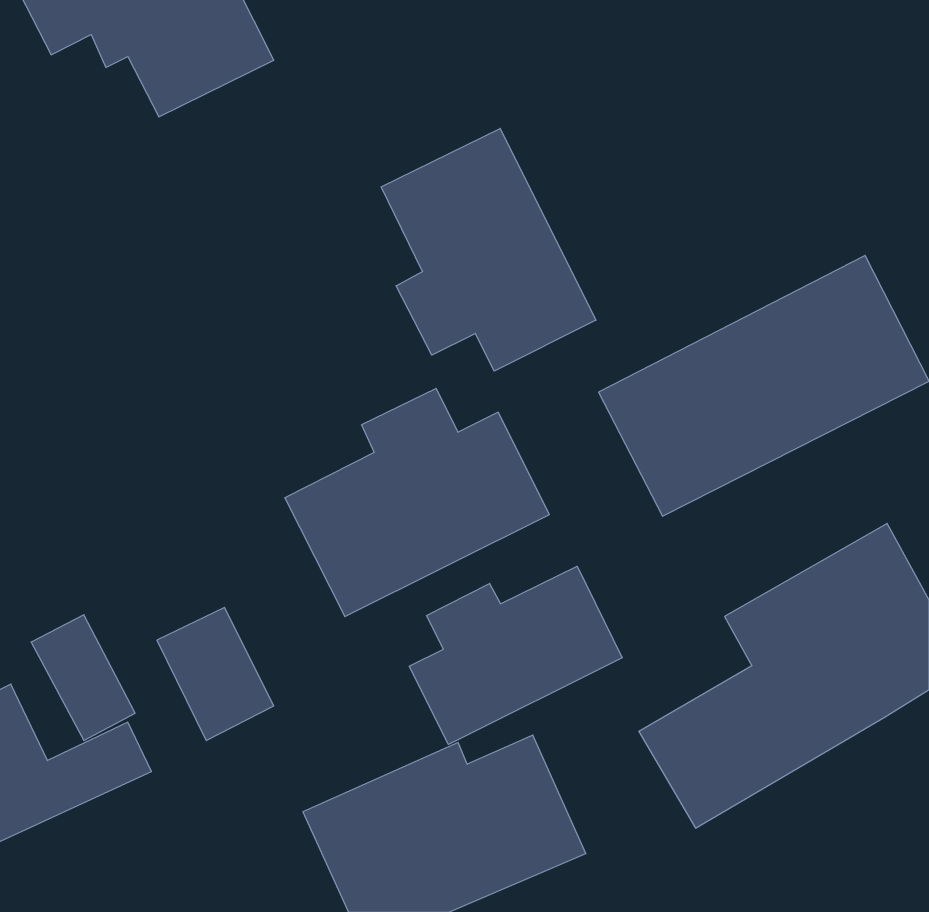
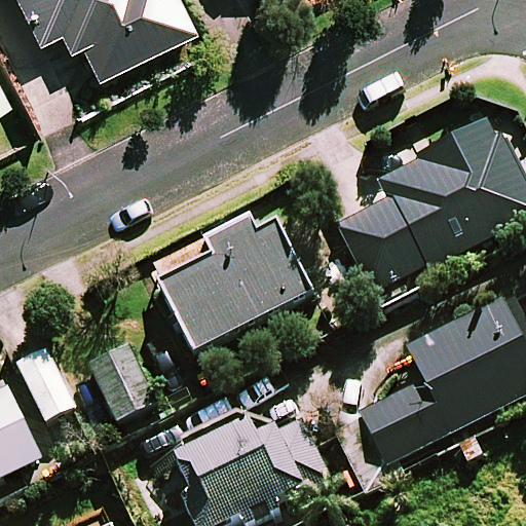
building: [381,128,596,371] -> none
building: [409,566,622,744] -> none

